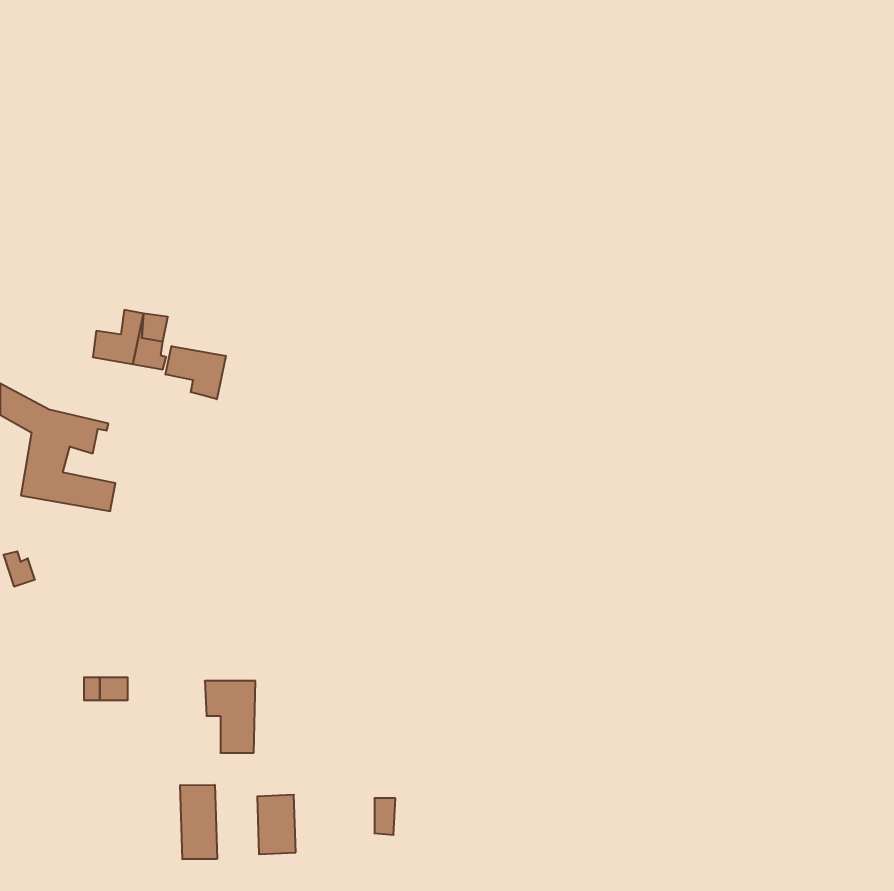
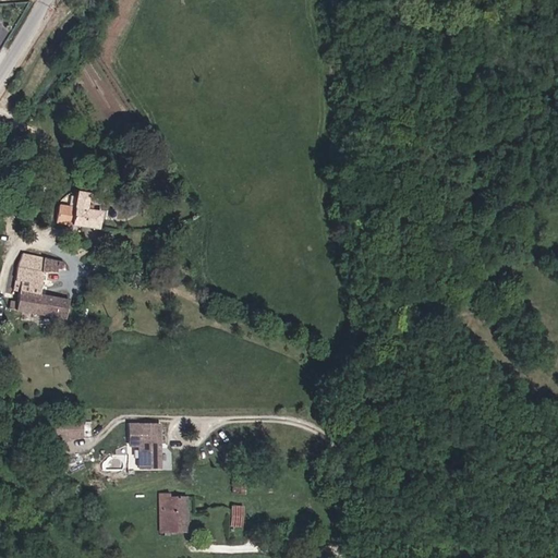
building: [166,346,226,399] -> none
building: [180,785,217,859] -> none

